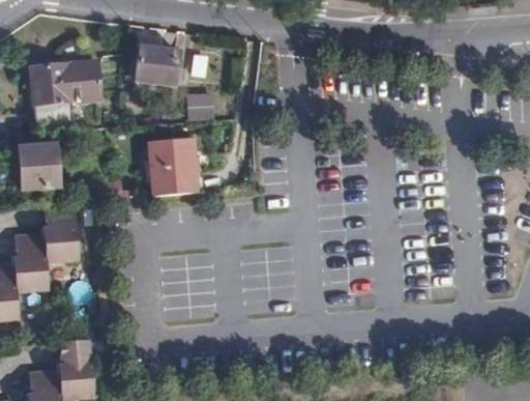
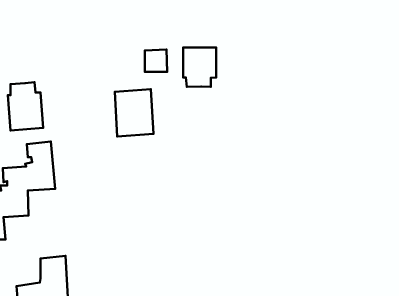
building: [134,47,178,86] -> none
building: [30,60,99,132] -> none
building: none -> [183,47,216,87]

